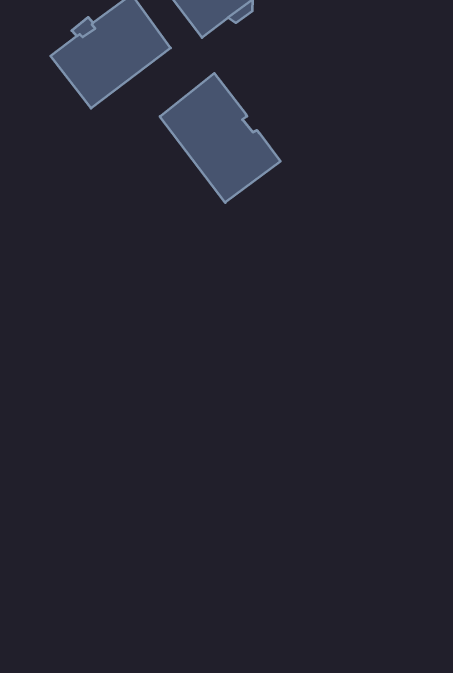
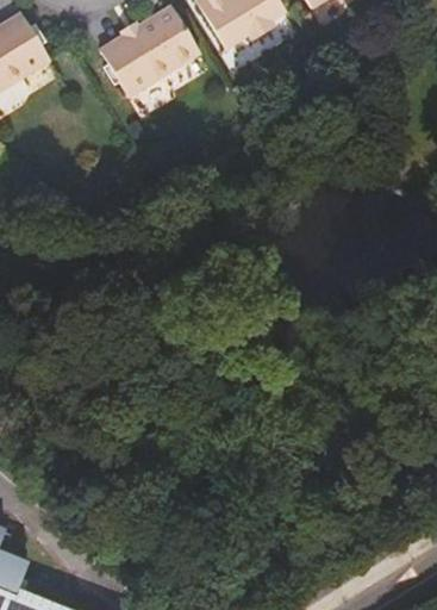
building: [160,73,280,203] -> none

